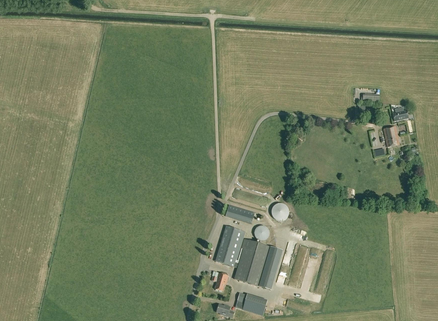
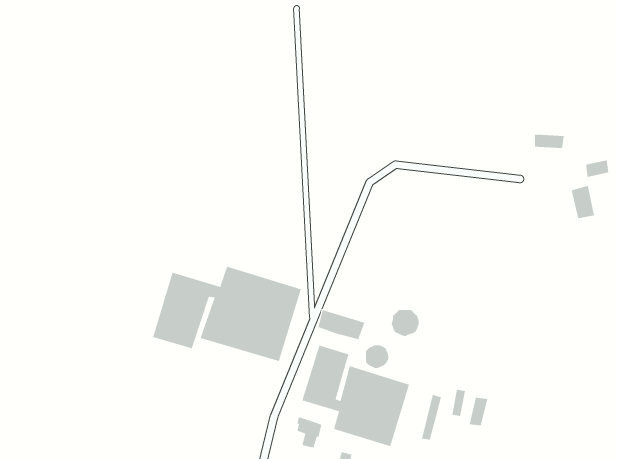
building: none -> [153,266,301,362]

